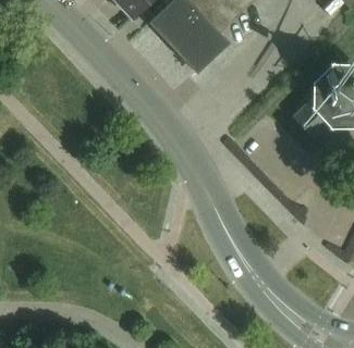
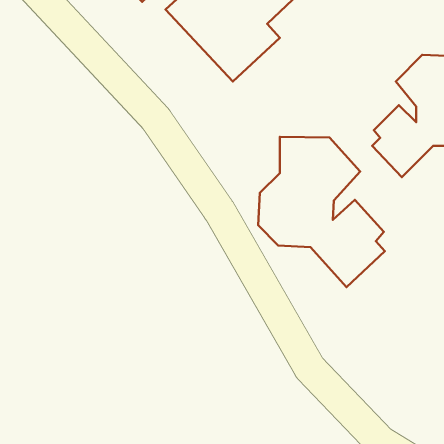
building: none -> [258,137,385,287]

